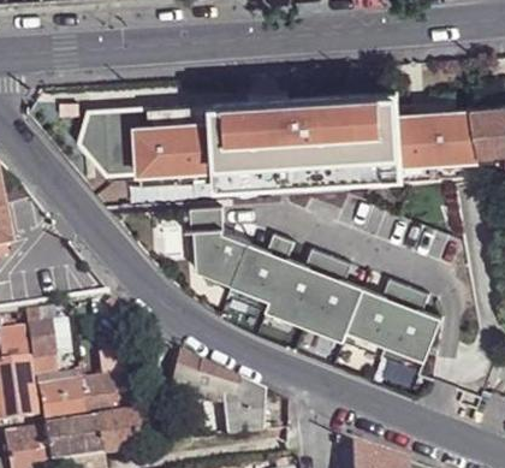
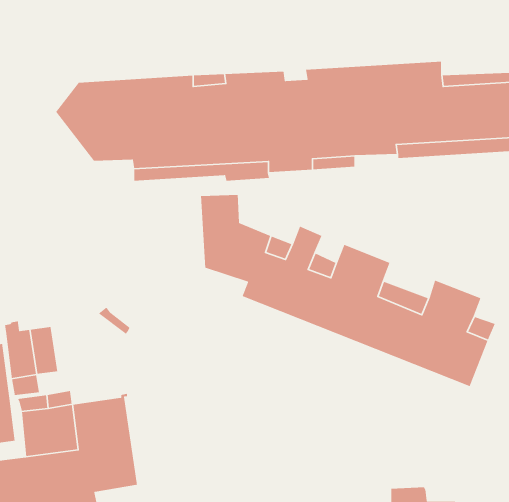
building: [170,351,273,437] -> none

